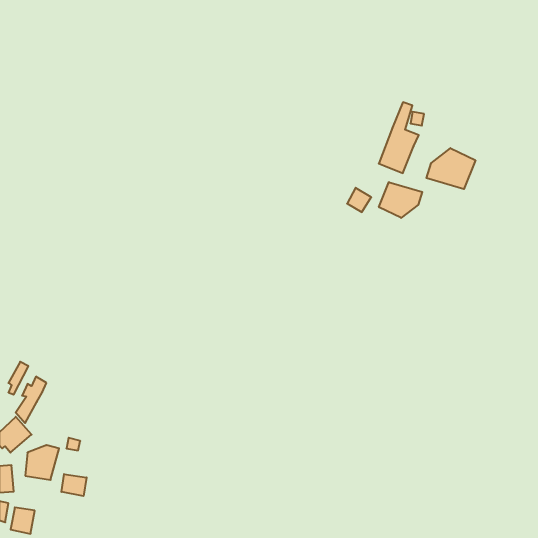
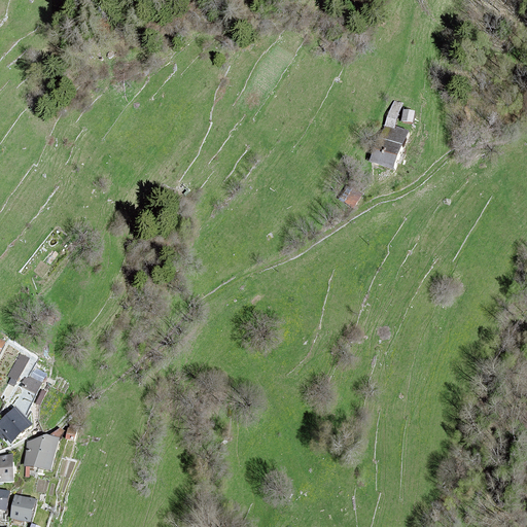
building: [426,148,475,189] -> none
building: [379,182,422,218] -> none
building: [61,474,87,496] -> none

